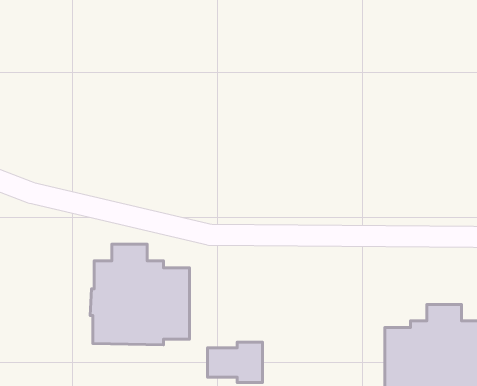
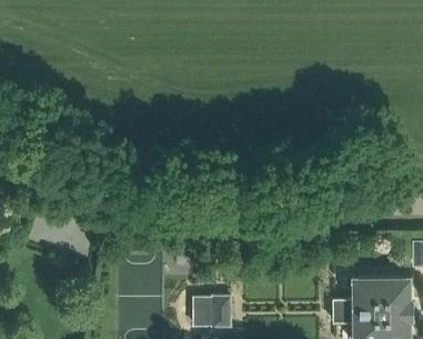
building: [90,244,190,345] -> none

